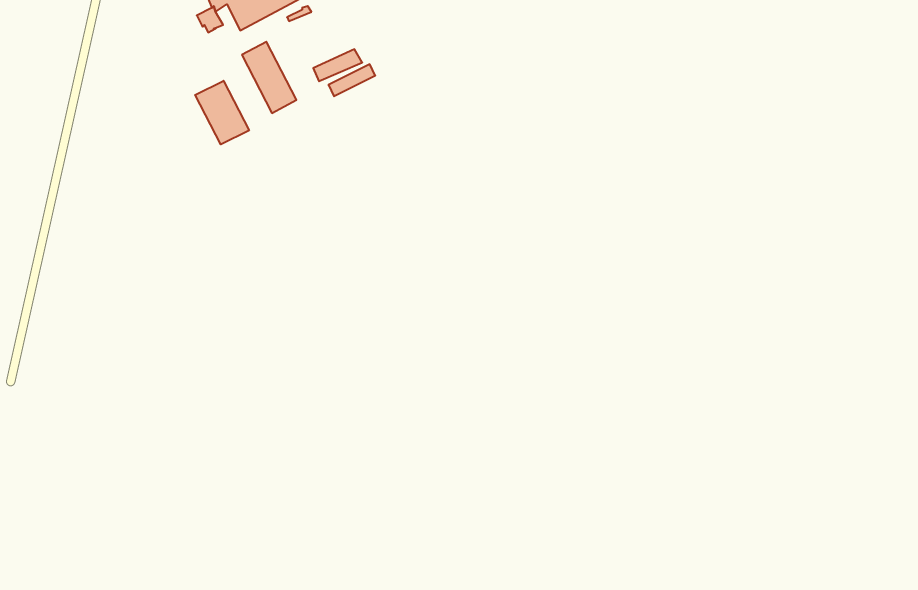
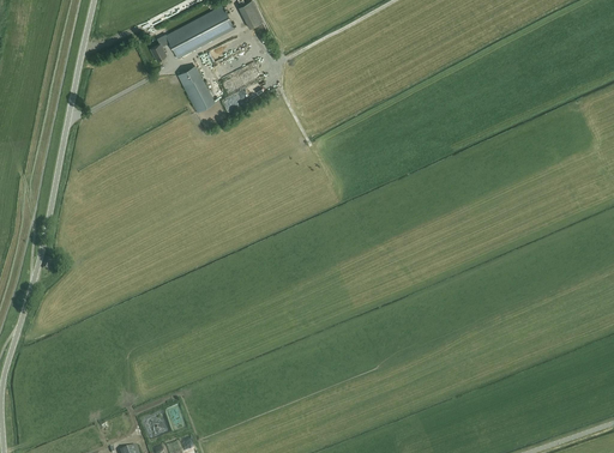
building: [195,81,249,144] -> none

